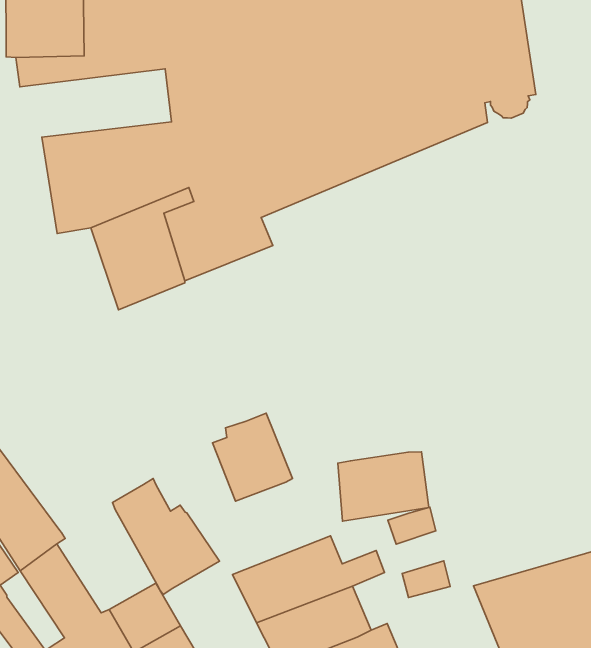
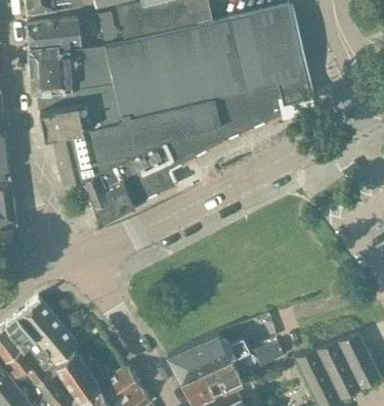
building: none -> [39,94,120,136]
building: [212,413,293,501] -> none
building: [338,452,429,521] -> none
building: [112,478,220,594] -> none

